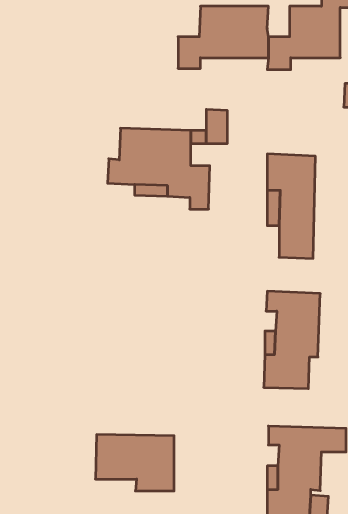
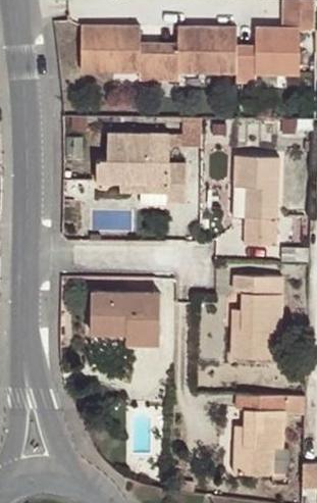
building: none -> [81,28,158,82]
building: [95,435,174,491] -> [91,295,159,344]

